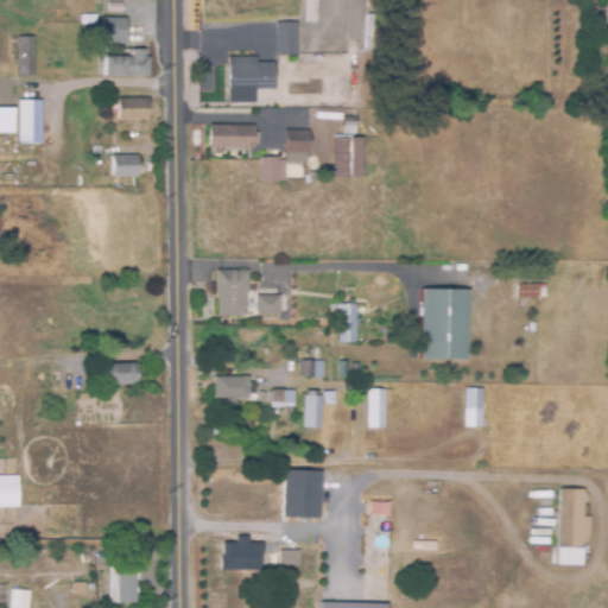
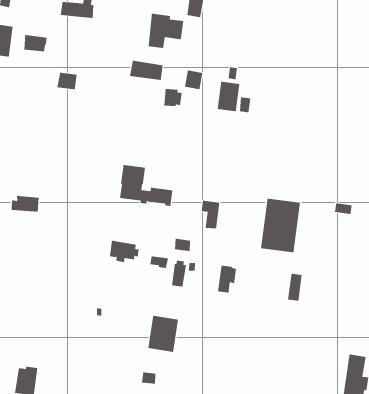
building: [119,99,151,120] -> [23,34,48,52]
building: [100,362,139,385] -> [11,195,39,212]
building: [221,543,264,570] -> none

